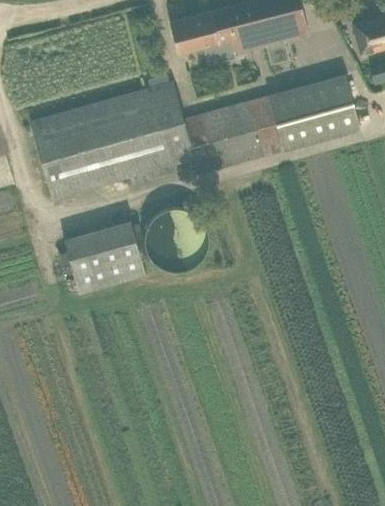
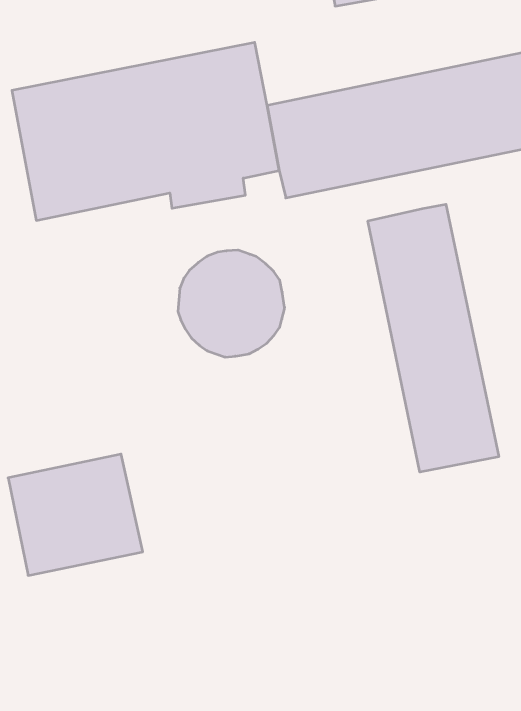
building: none -> [368,204,499,472]
building: [63,217,146,293] -> [8,454,143,575]

